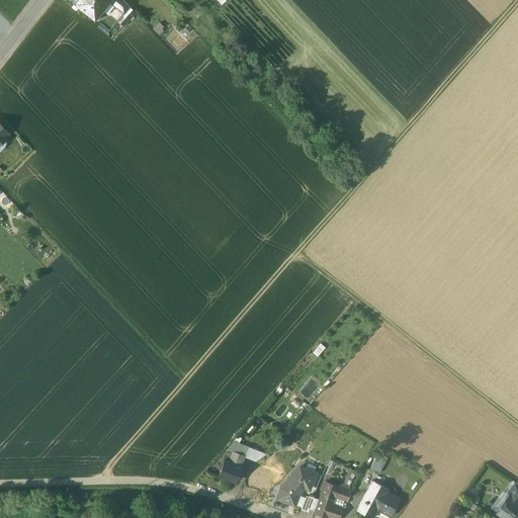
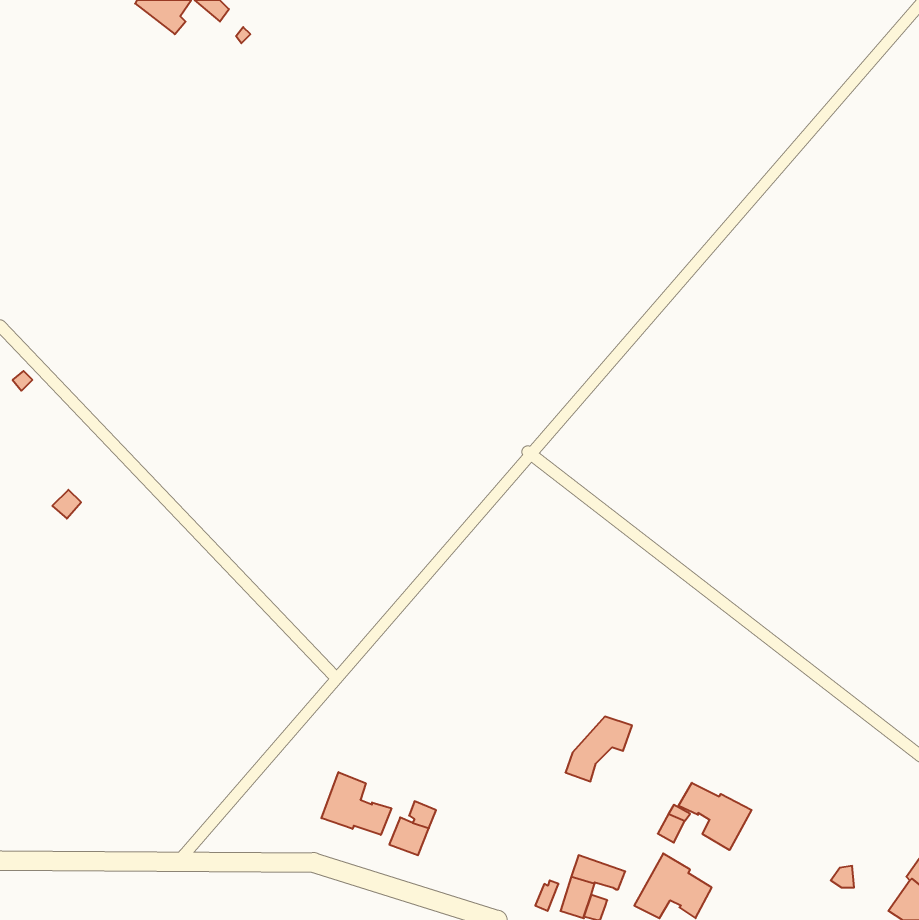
building: none -> [321,772,391,835]
building: none -> [679,783,752,850]
building: [278,466,316,503] -> [565,717,632,781]

